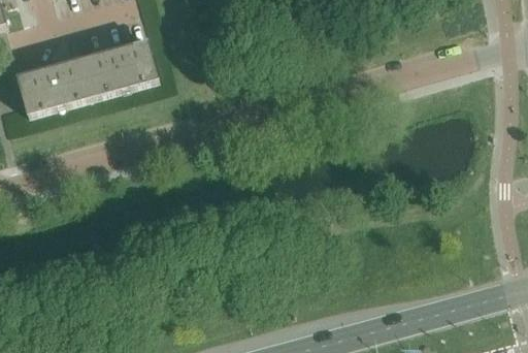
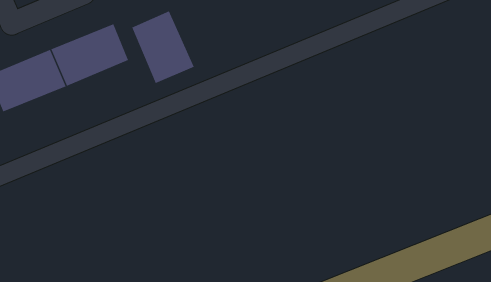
building: none -> [131,11,195,84]

